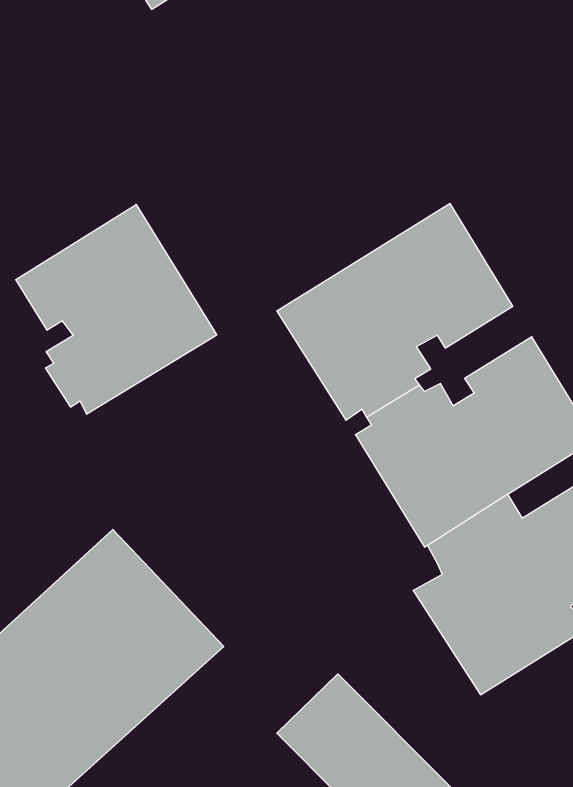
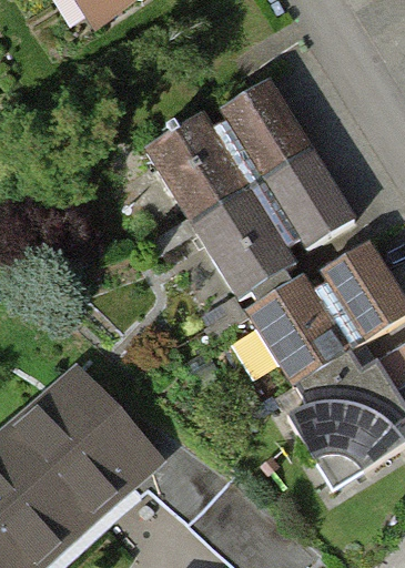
building: none -> [145,79,312,223]
building: [16,204,217,414] -> none

